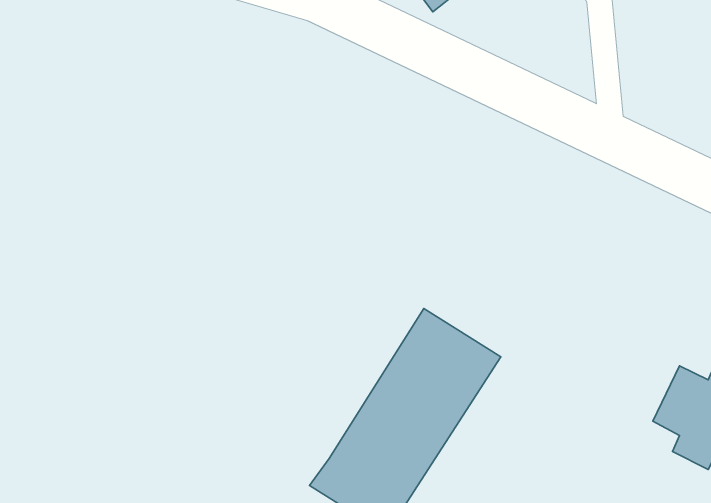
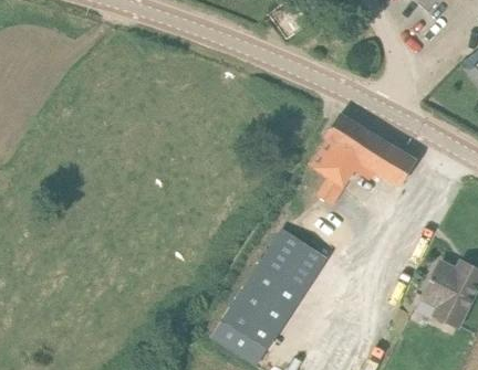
building: none -> [313,115,415,205]

